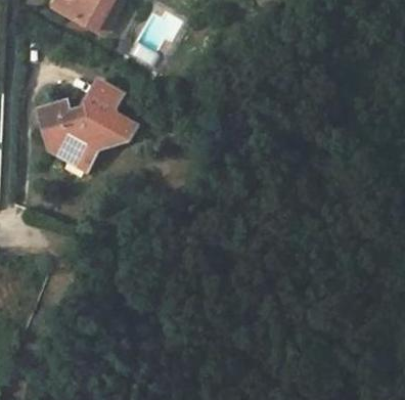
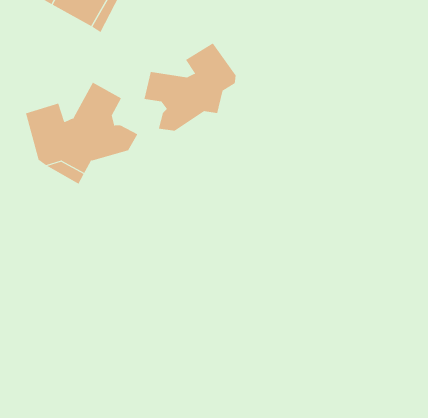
building: none -> [144,42,236,131]

